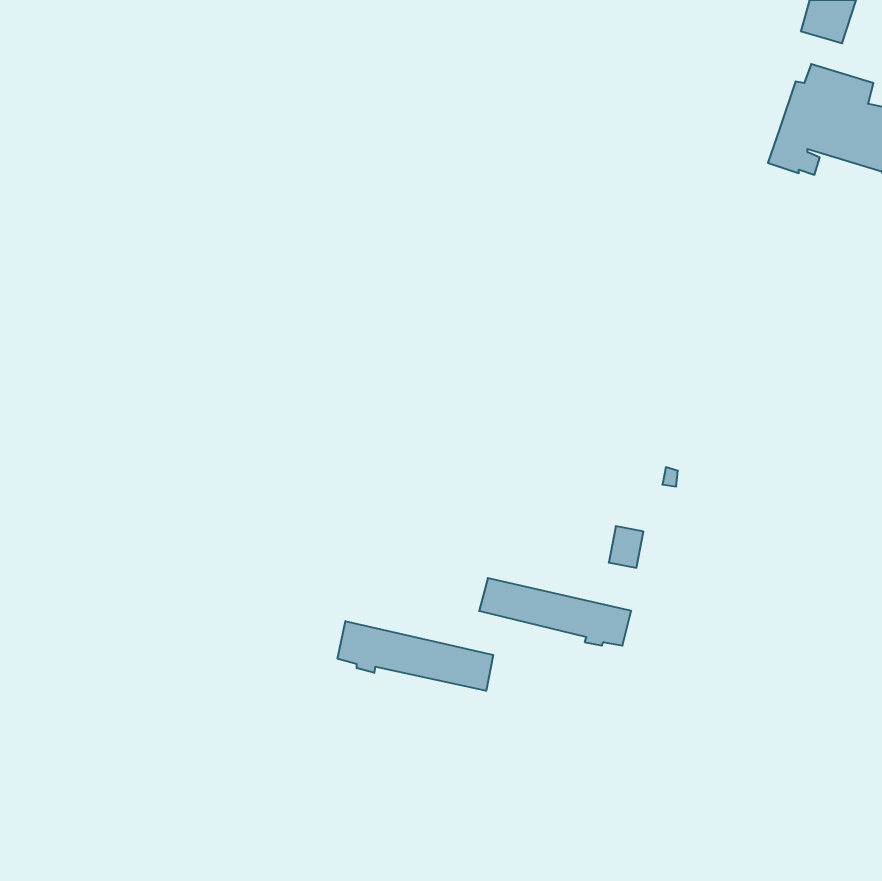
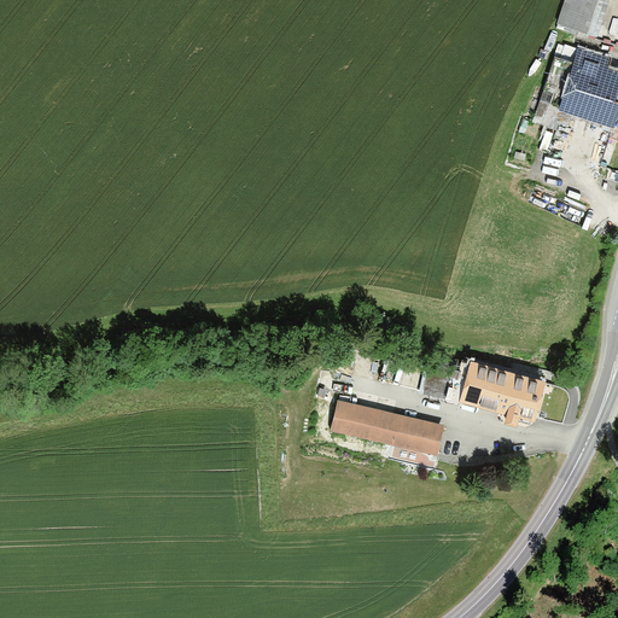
building: none -> [465,366,543,424]
building: [338,621,493,691] -> none

